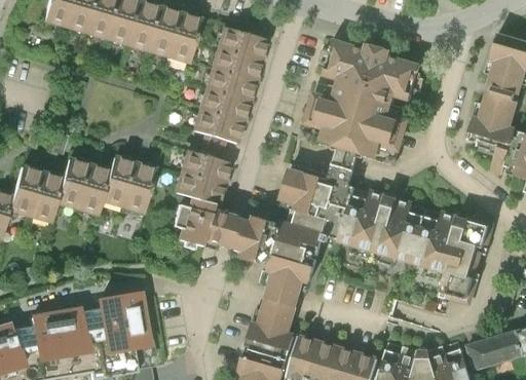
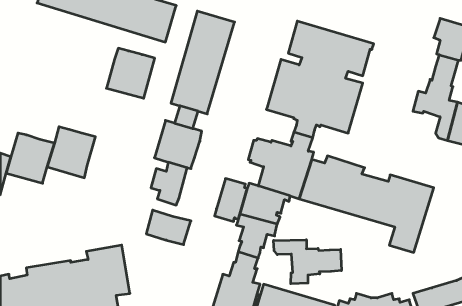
building: [99,156,153,213] -> [106,48,155,98]
building: [202,211,253,250] -> [146,210,191,245]
building: none -> [274,240,341,284]

